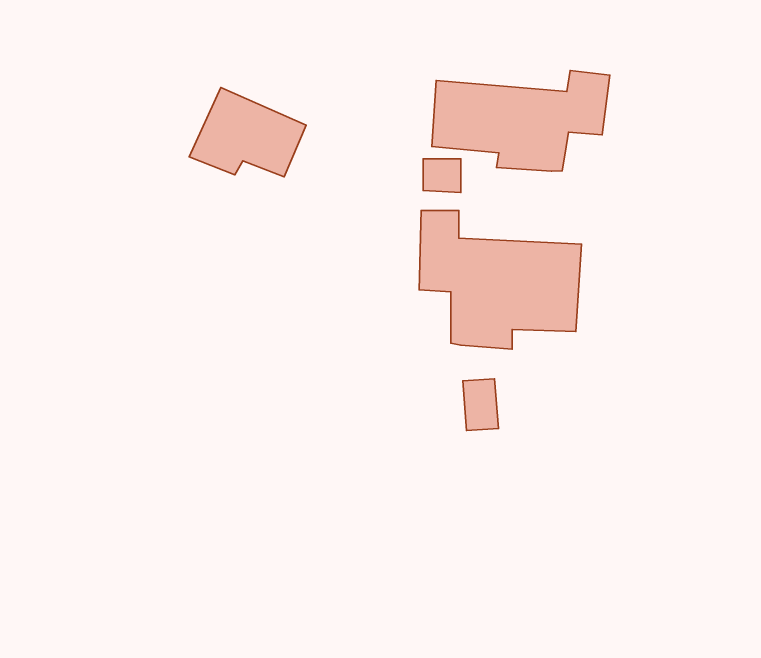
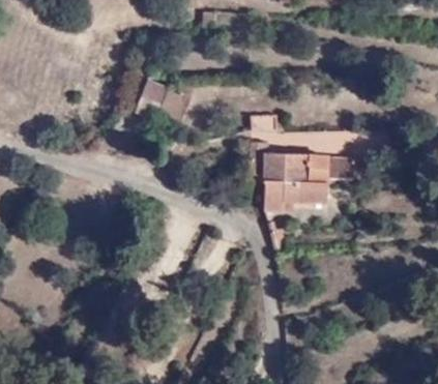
building: [432,71,610,171] -> none

